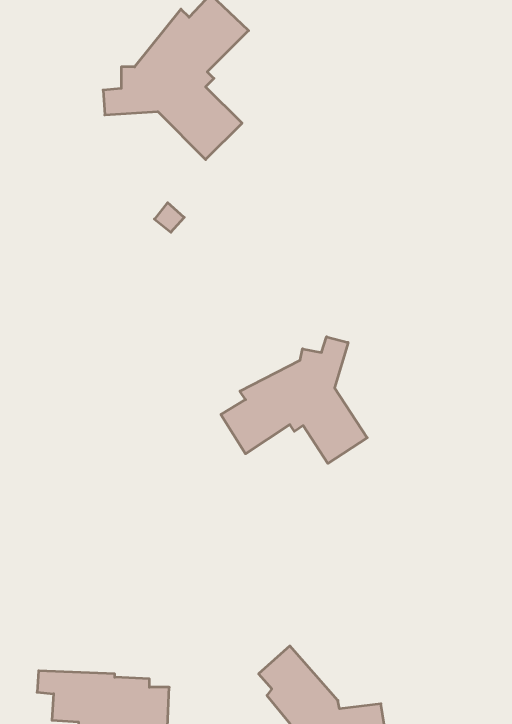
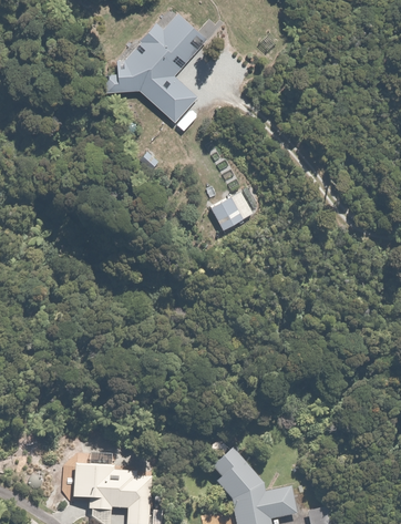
building: none -> [209,187,255,232]
building: [221,337,367,463] -> none

